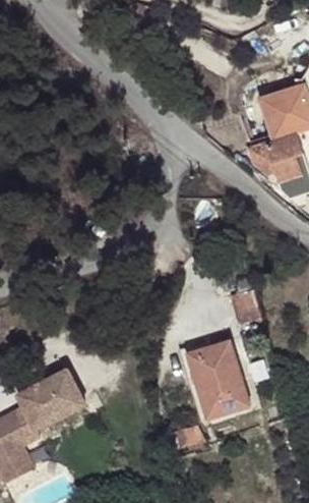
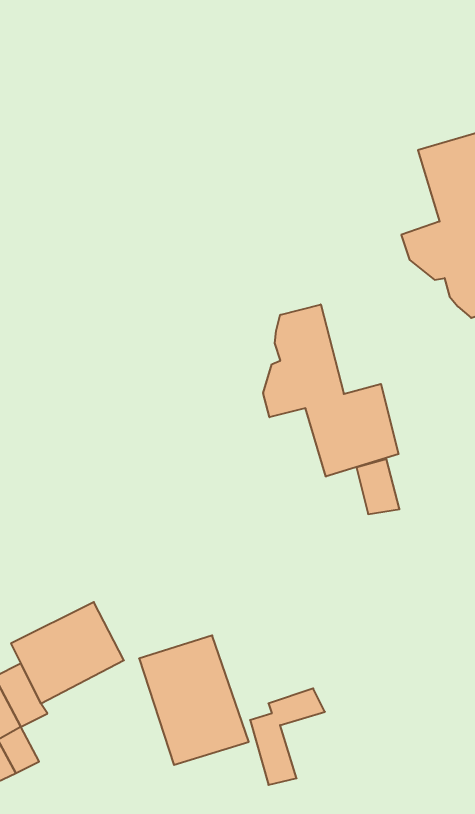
building: none -> [263,304,399,477]
building: [185,342,252,422] -> [139,635,249,765]

